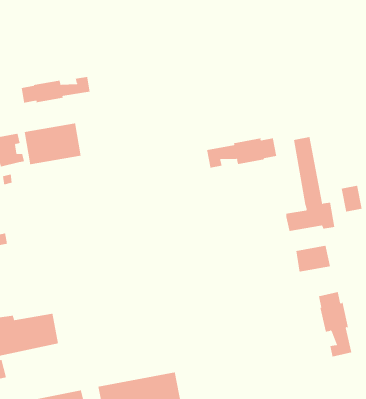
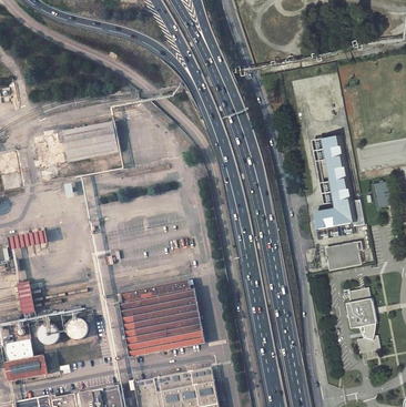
building: [21,76,90,104] -> none
building: [207,137,277,169] -> none
building: none -> [115,279,202,357]

